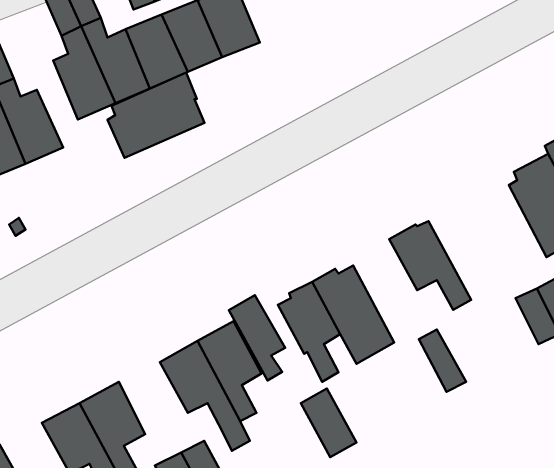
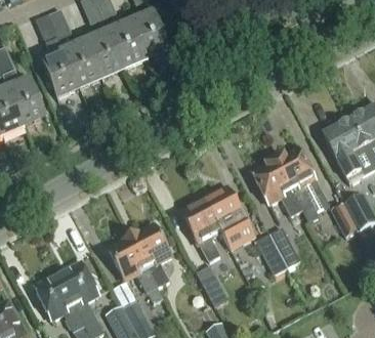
building: [108,73,205,158] -> none
building: none -> [276,145,330,220]
building: [229,295,285,380] -> none
building: none -> [255,233,287,273]

